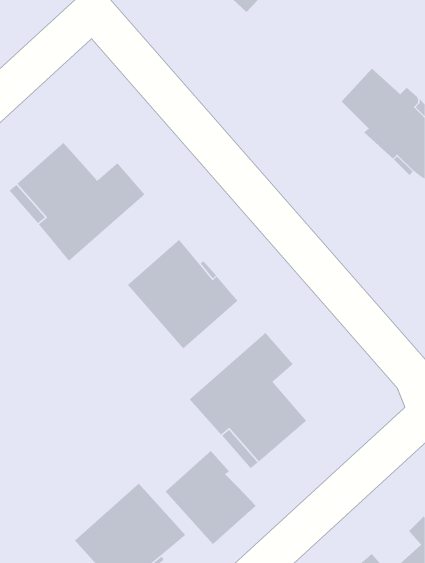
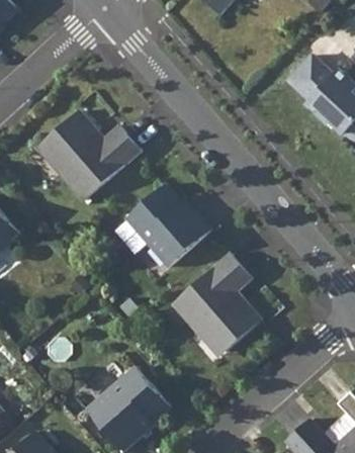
building: [165,450,256,545] -> none

